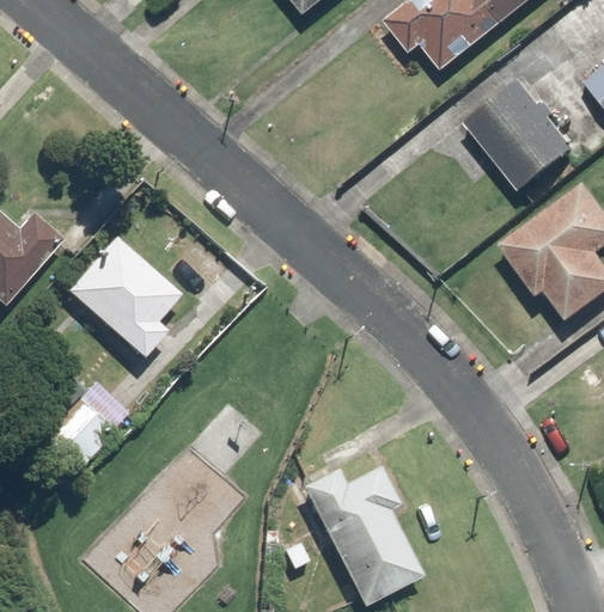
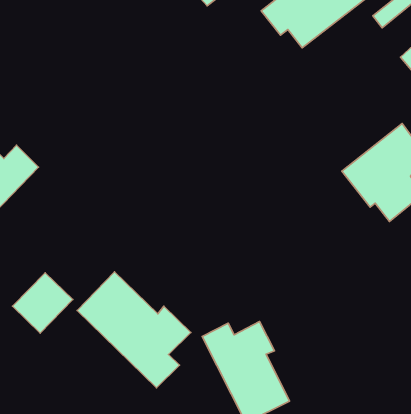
building: [465,78,574,188] -> none
building: [67,235,183,359] -> none
building: none -> [77,272,191,388]

